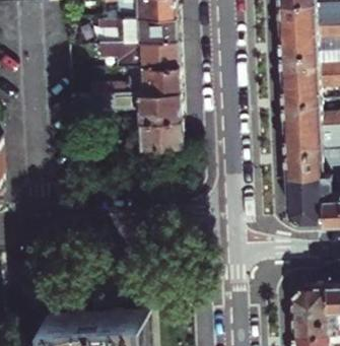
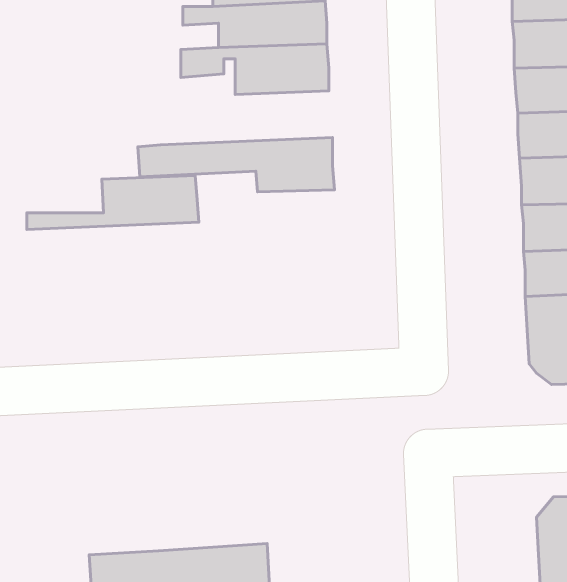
building: [88,65,182,94] -> [27,175,199,230]
building: [141,119,184,149] -> none

